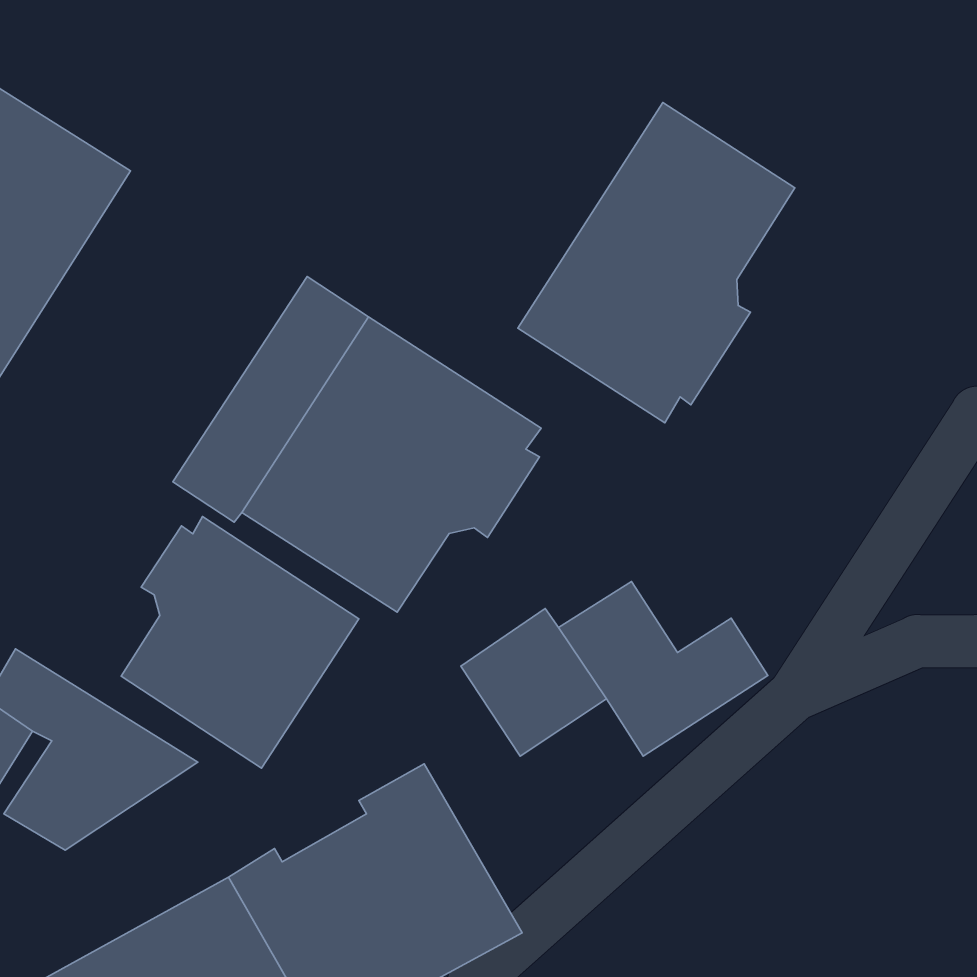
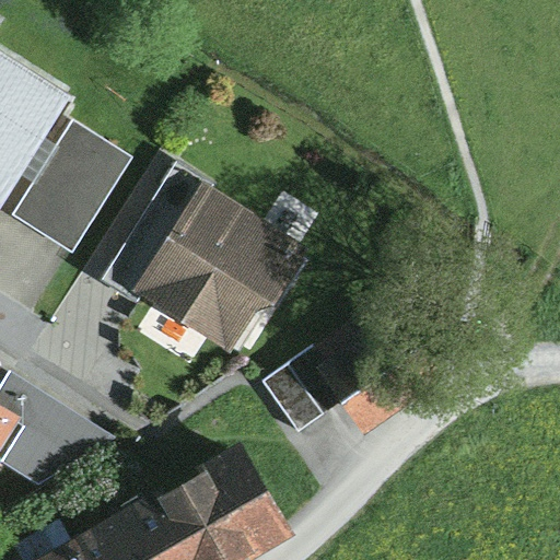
building: [518,102,795,423] -> none
building: none -> [12,121,130,253]
building: [121,517,359,768] -> none

